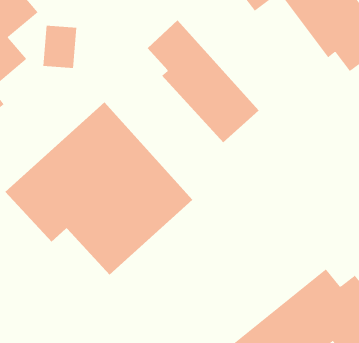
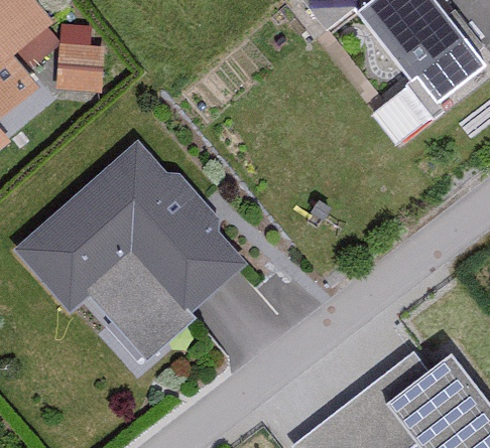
building: [147,20,260,143] -> none

